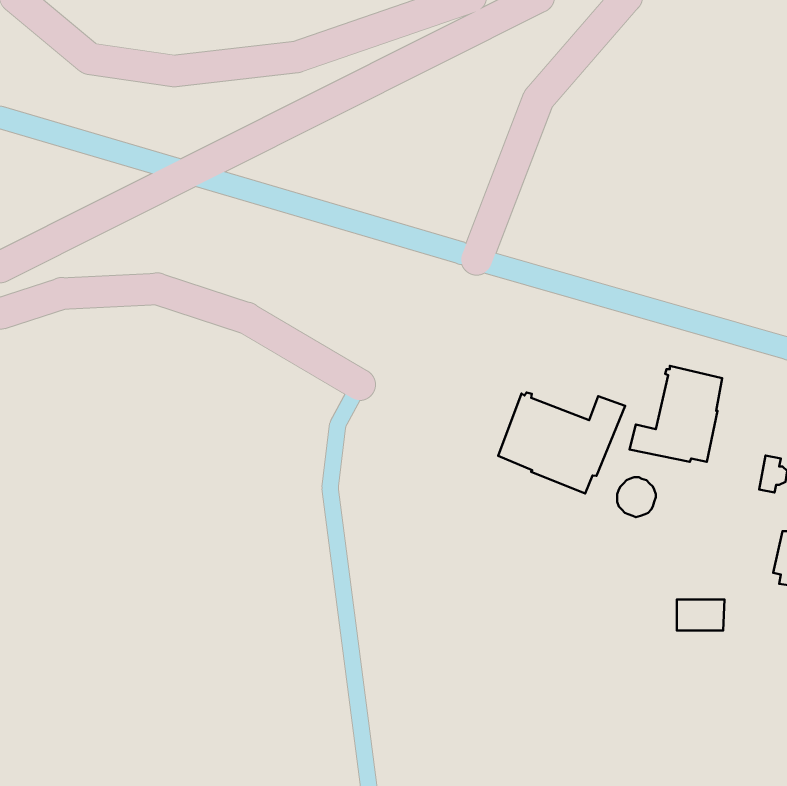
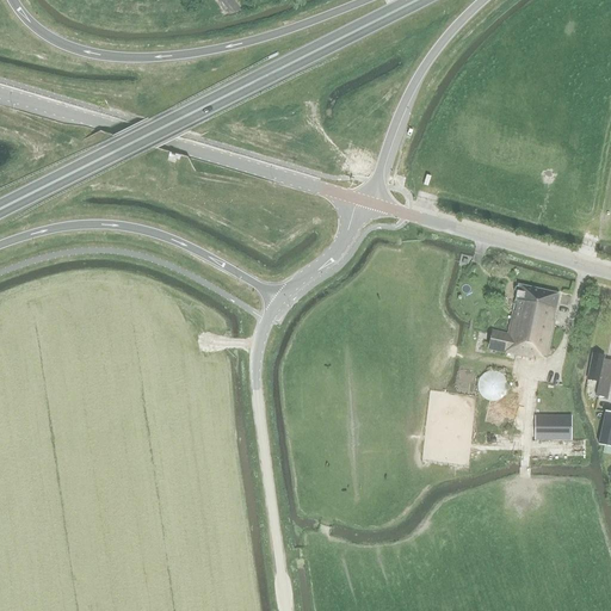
building: [498,392,625,494] -> none
building: [677,600,725,630] -> [536,414,573,438]

